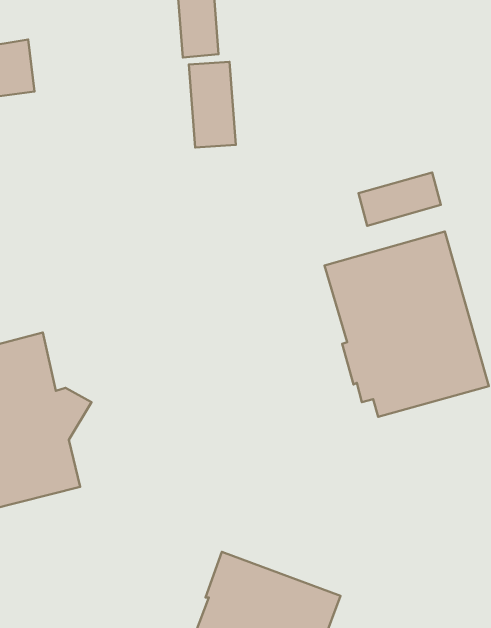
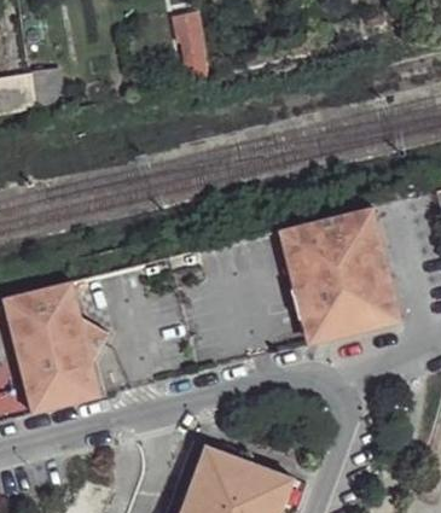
building: [189,62,236,147] -> none
building: [358,172,441,226] -> none

